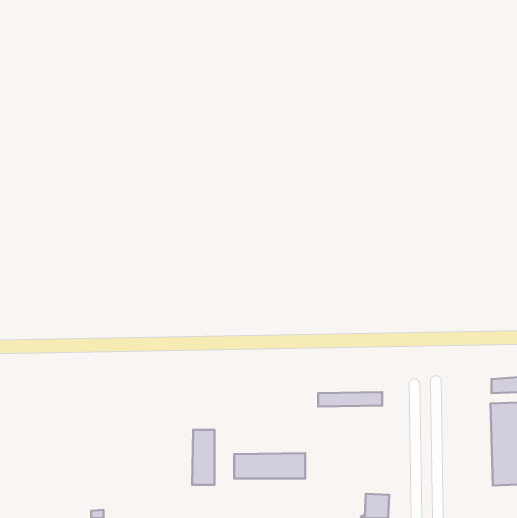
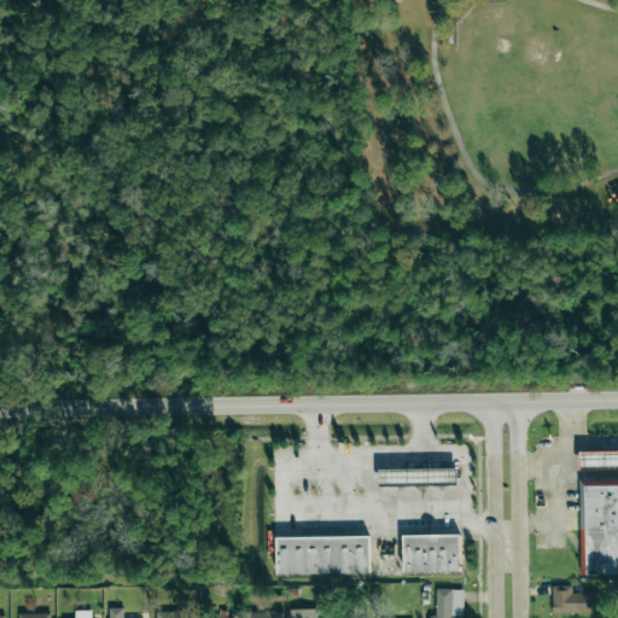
building: [192,430,214,485] -> none
building: none -> [402,538,457,567]
building: none -> [553,584,599,612]

